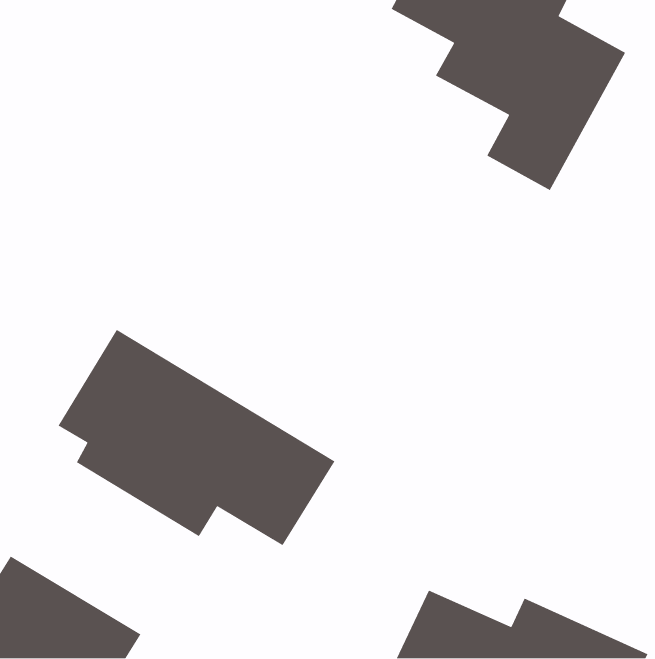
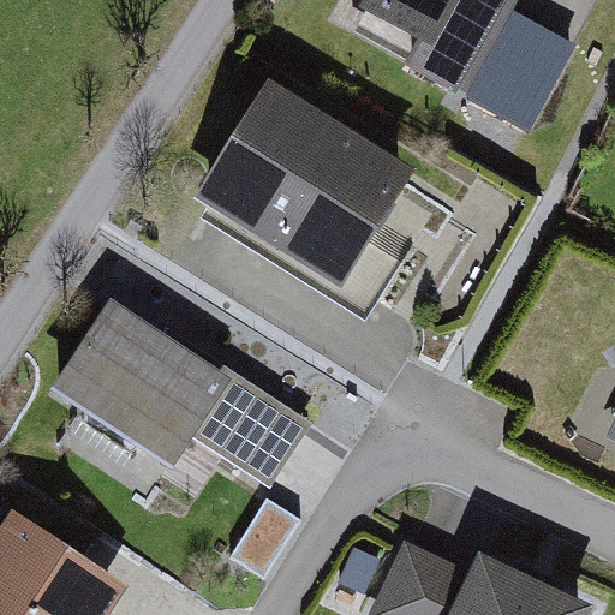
building: none -> [193,79,416,293]

